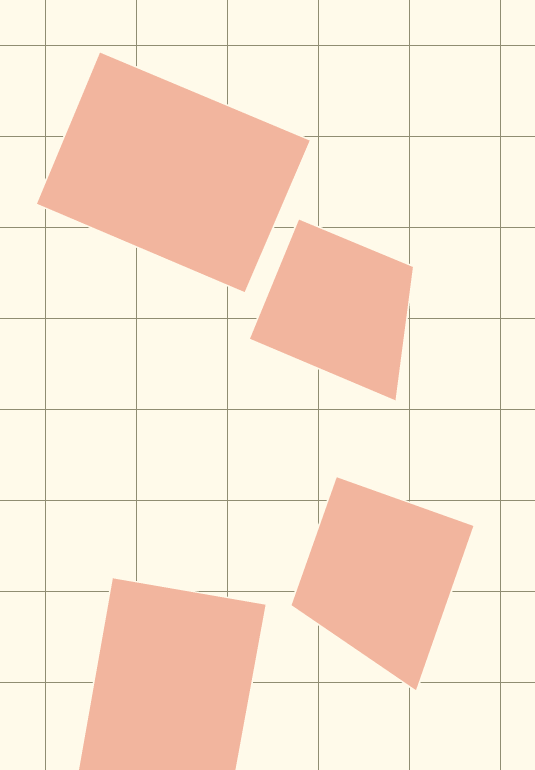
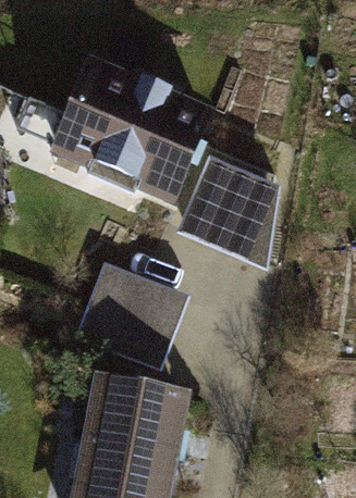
building: none -> [74,264,184,370]
building: [290,476,474,692] -> none

